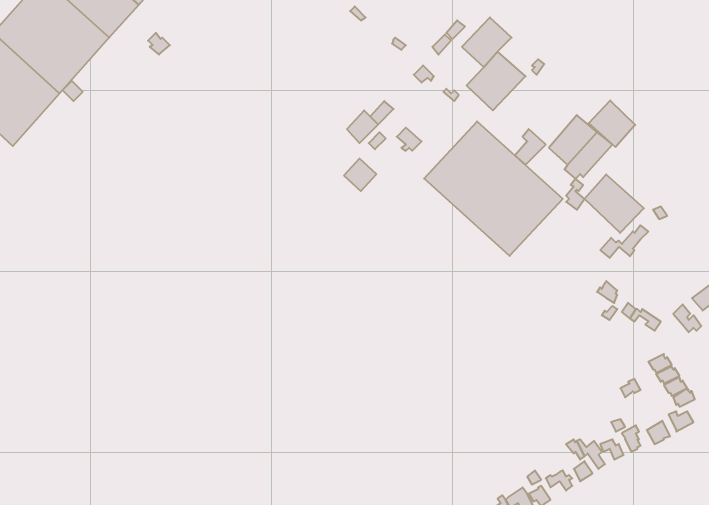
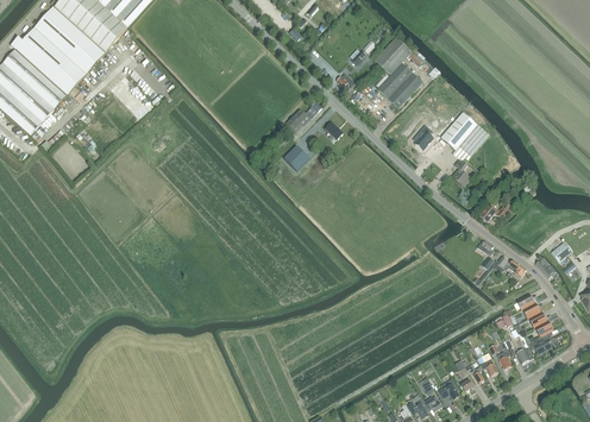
building: [589,100,635,147] -> none
building: [424,121,563,256] -> none
building: [584,174,644,233] -> none

